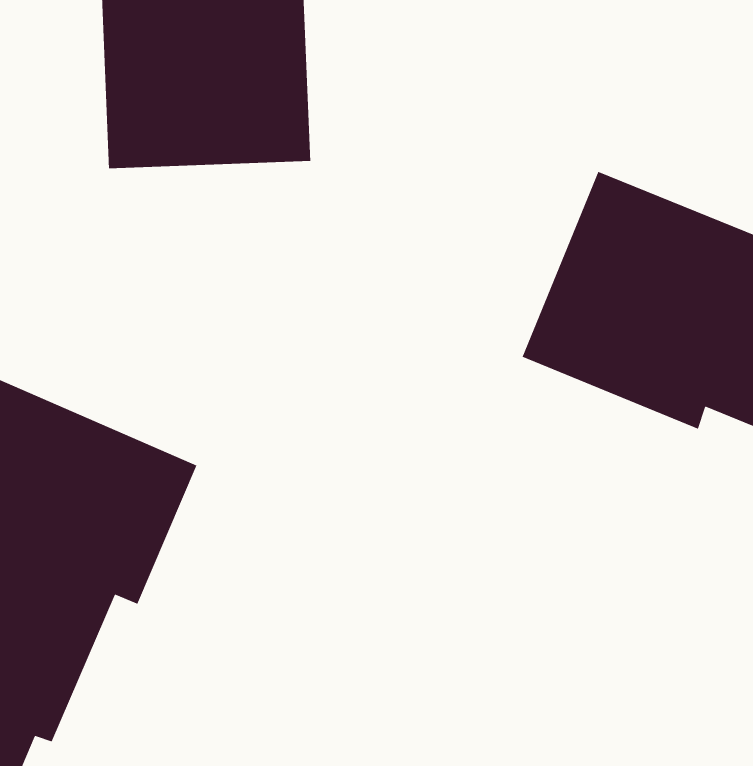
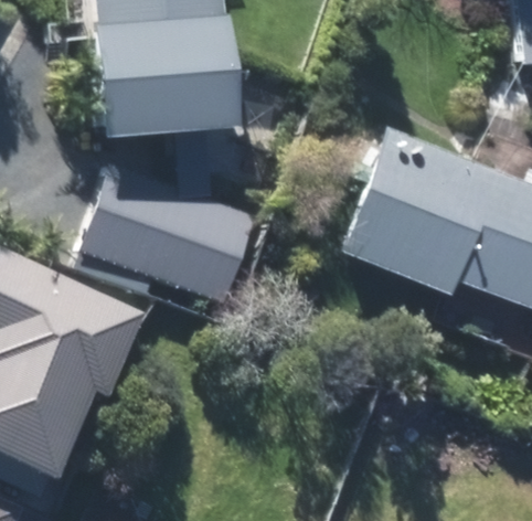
building: none -> [81,176,249,299]

